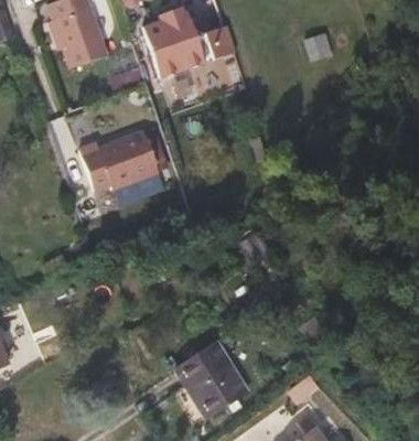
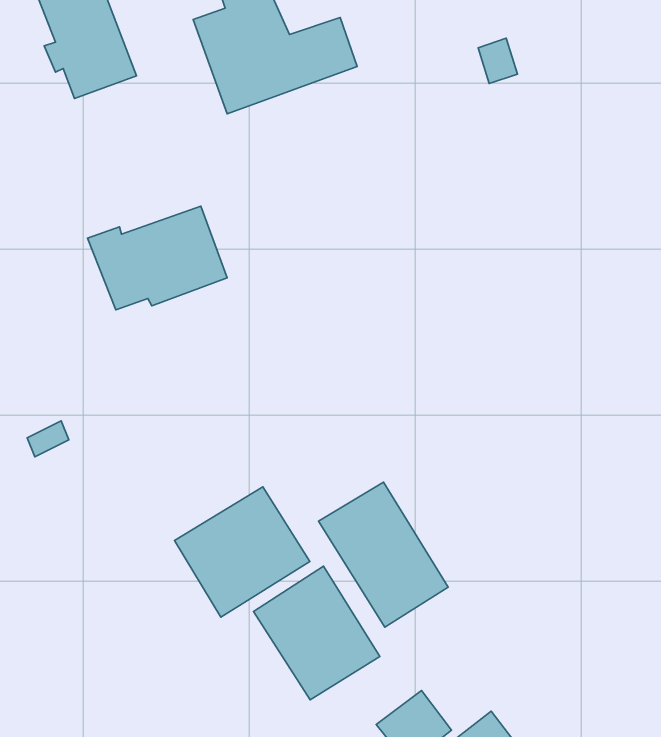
building: none -> [318,482,448,627]
building: none -> [174,487,310,617]

